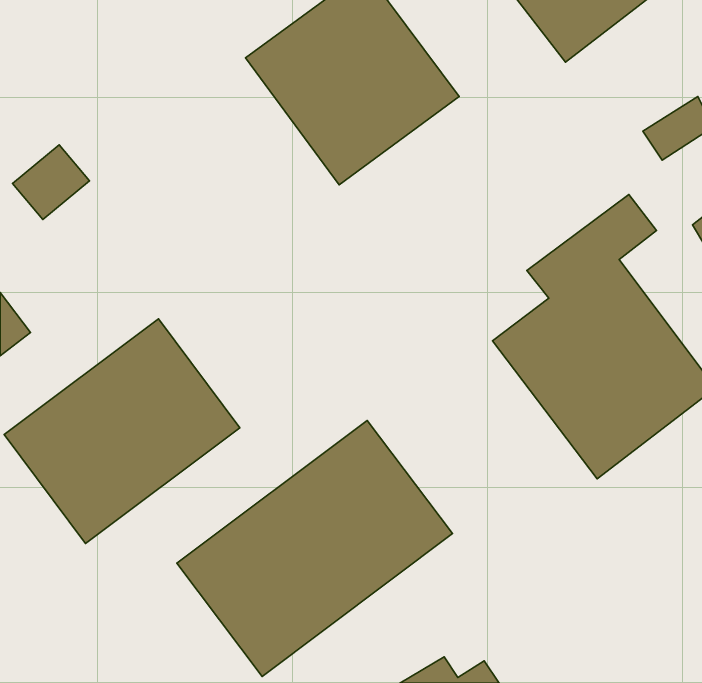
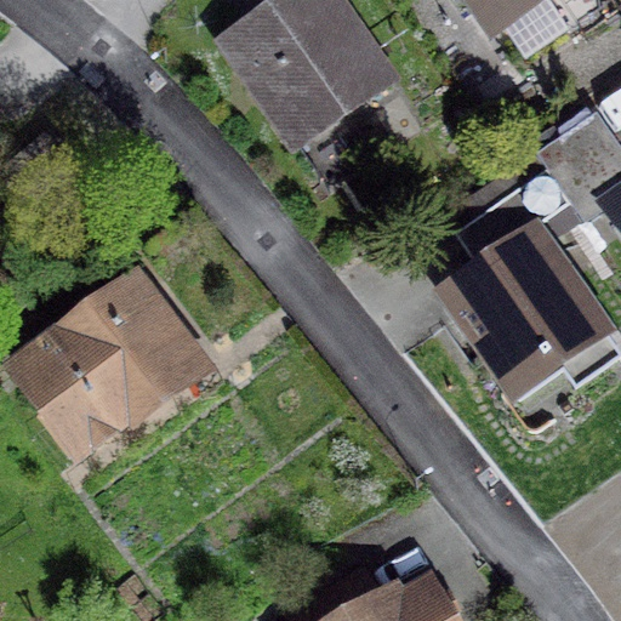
building: [177,420,452,676] -> none

